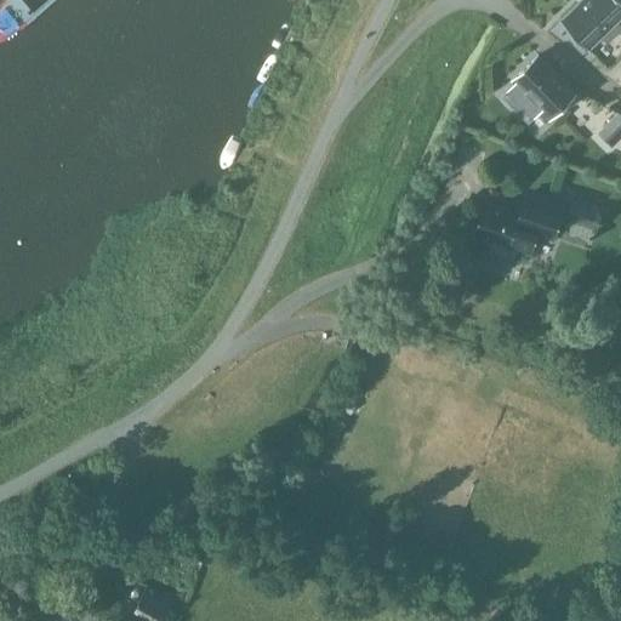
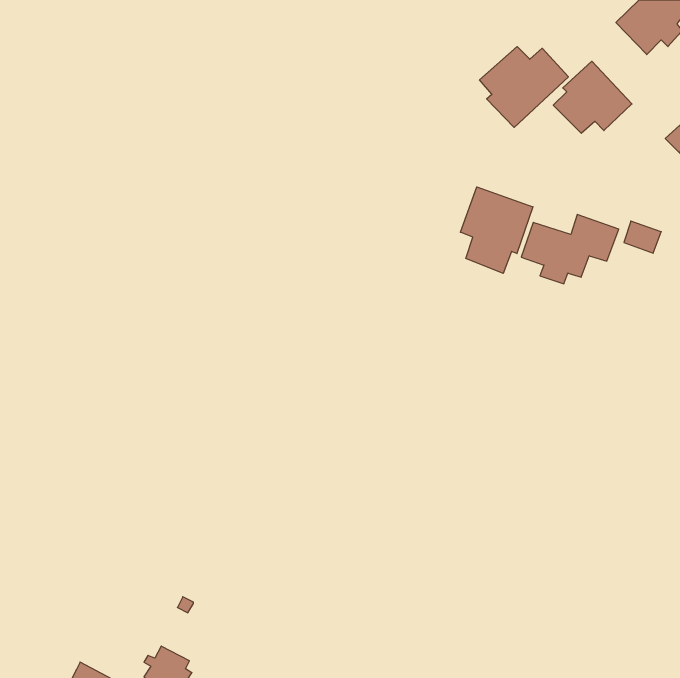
building: none -> [480,47,568,127]
building: none -> [460,187,533,273]

